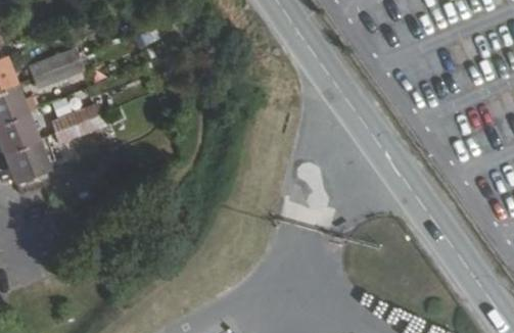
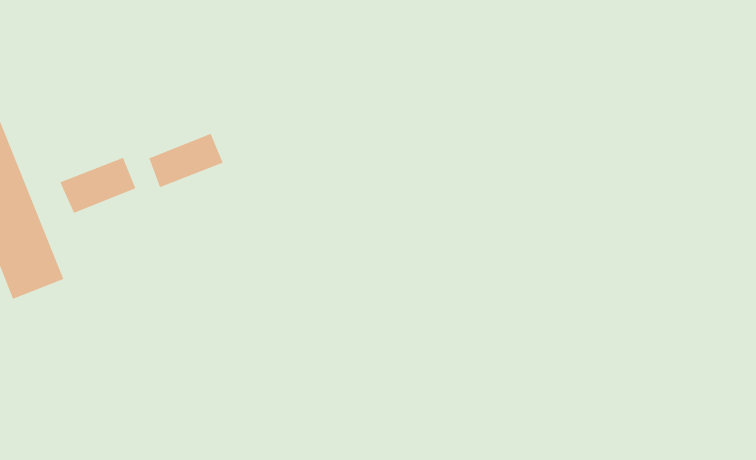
building: [33,50,82,86] -> [149,133,224,188]

